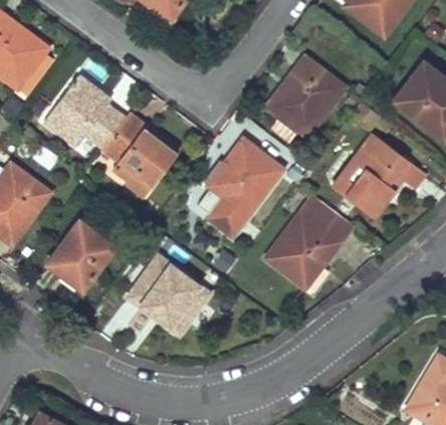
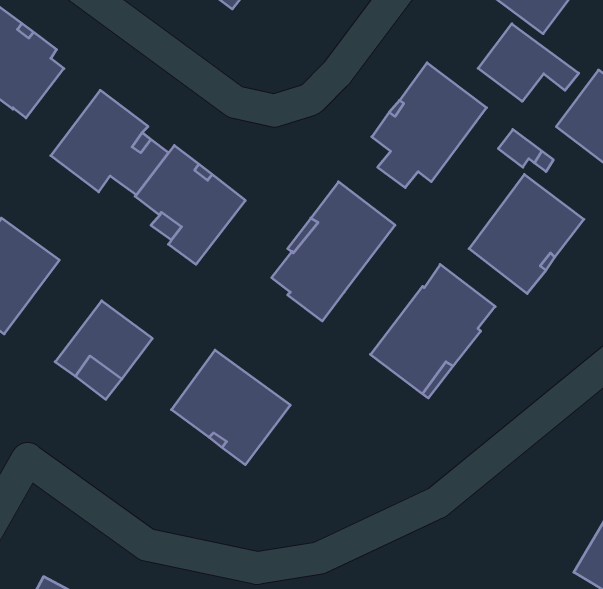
building: none -> [478,24,579,101]

